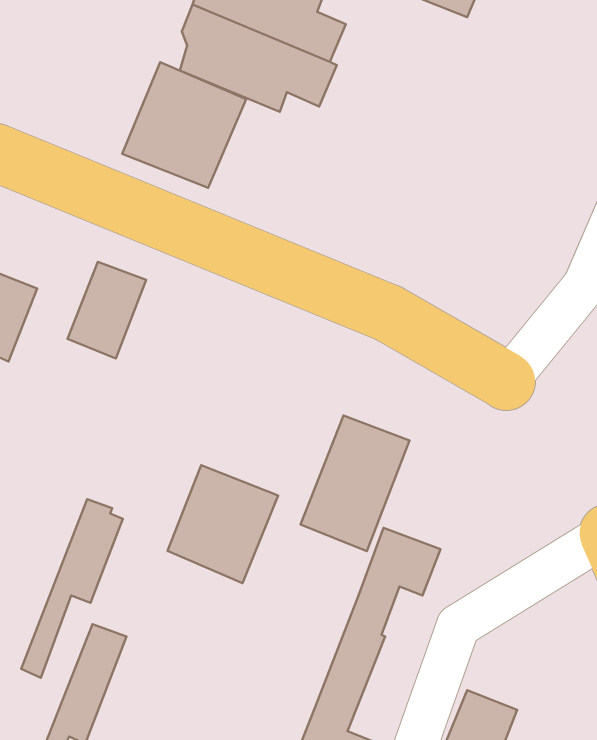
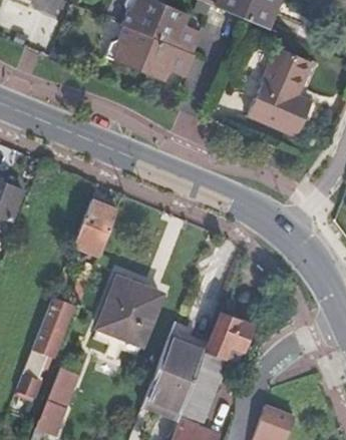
building: none -> [248,46,312,135]
building: [122,62,246,188] -> none
building: [68,262,146,358] -> [74,201,118,256]
building: [301,416,410,551] -> [145,339,207,415]

